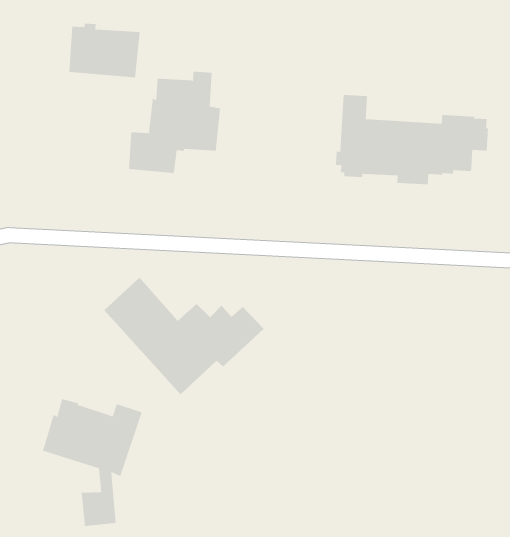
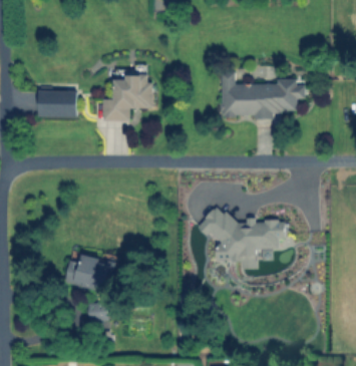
building: [69,23,140,78] -> [37,89,76,118]
building: [104,277,265,395] -> [200,206,291,271]

